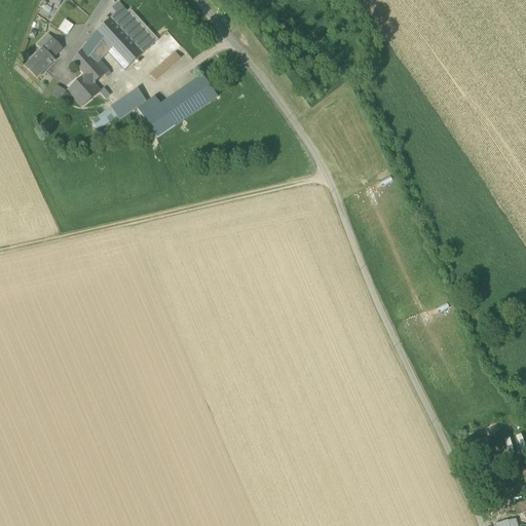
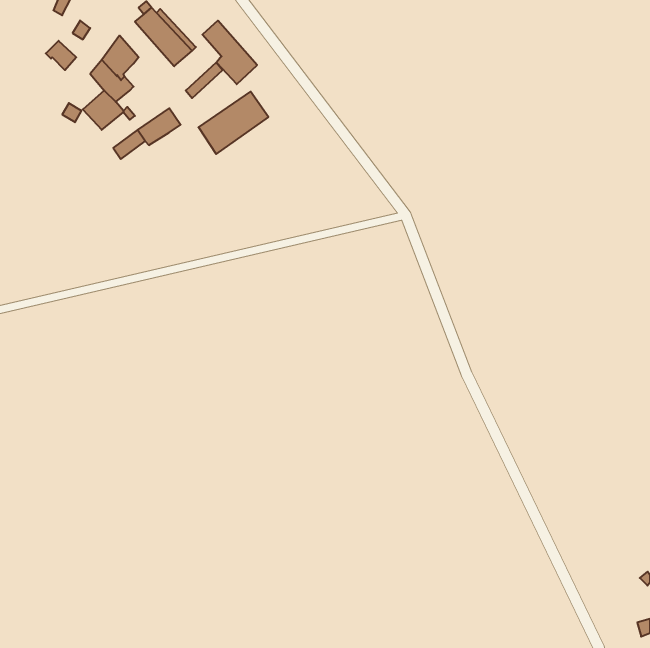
building: [97,17,141,69] -> [202,21,257,84]
building: [24,46,54,76] -> none
building: [137,96,175,137] -> none

